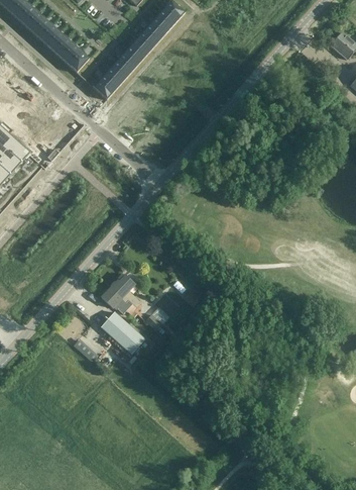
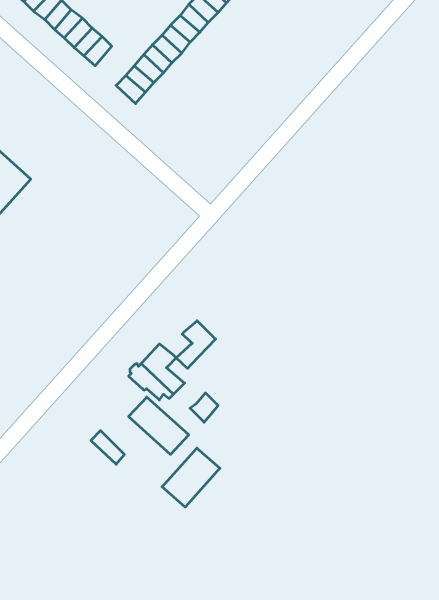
building: none -> [176,321,216,368]
building: none -> [162,448,220,507]

